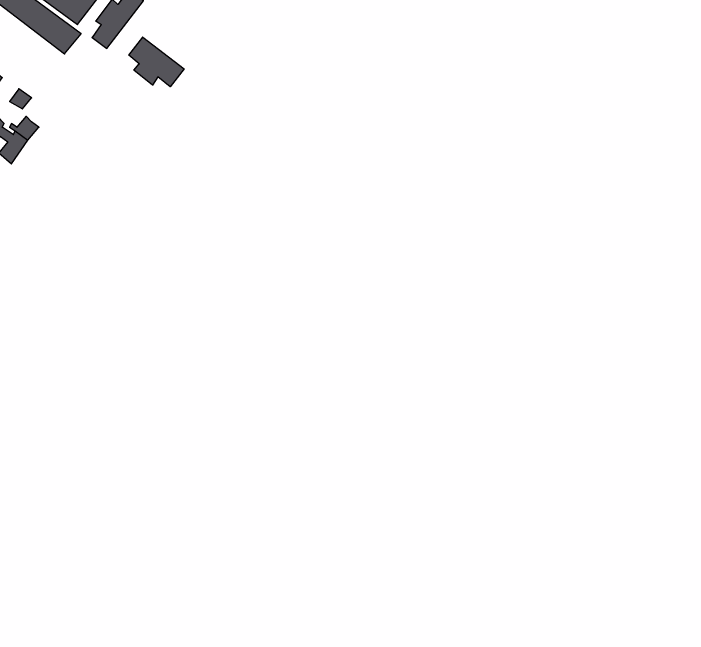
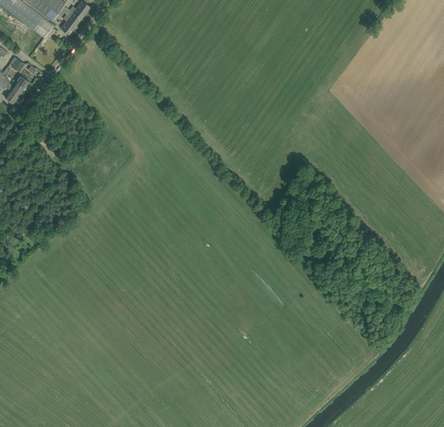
building: [129,37,184,87] -> none

